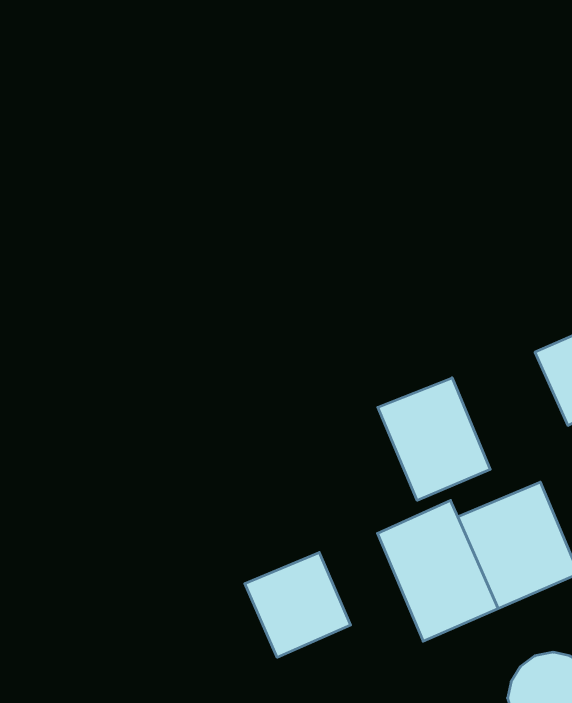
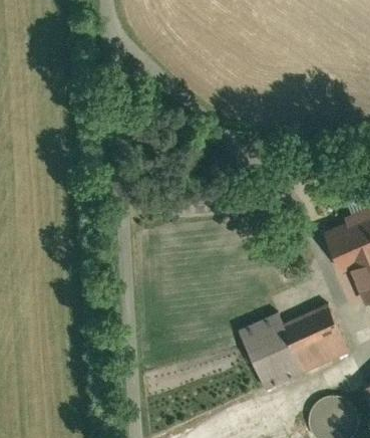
building: [378,378,490,500] -> none
building: [245,552,351,657] -> none

